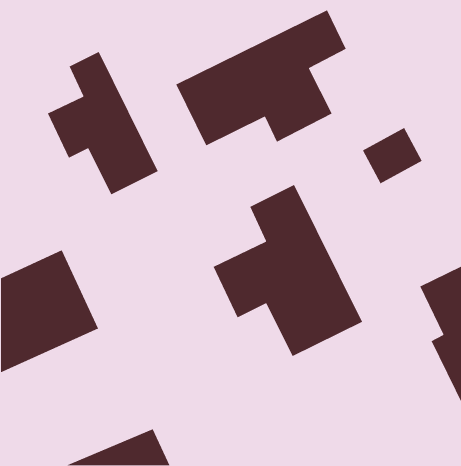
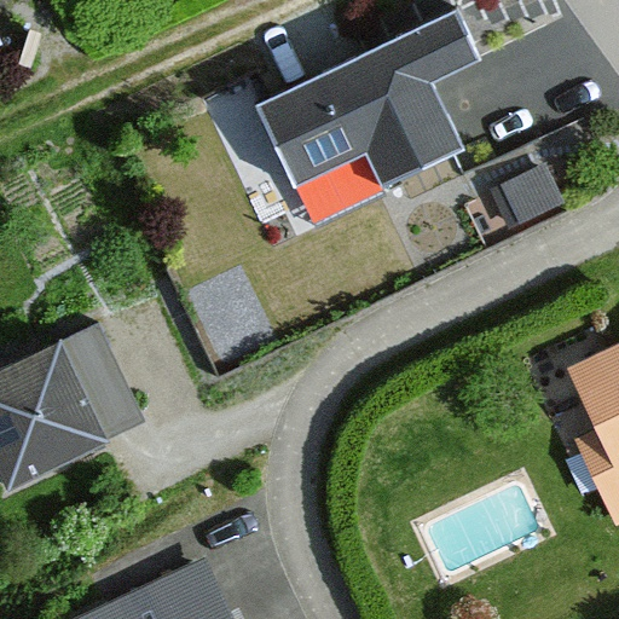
building: [47,51,159,195] -> none
building: [212,184,363,357] -> none

